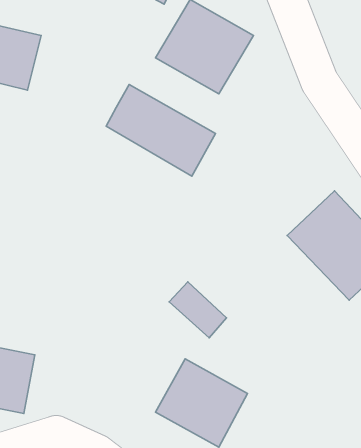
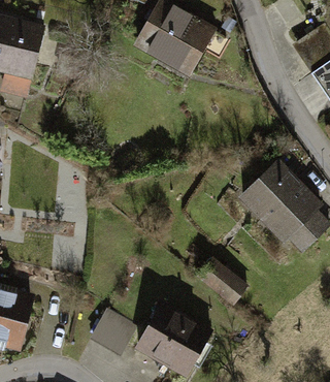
building: [106,85,215,176] -> none
building: [169,282,226,338] -> [199,256,246,303]
building: none -> [95,312,134,351]

